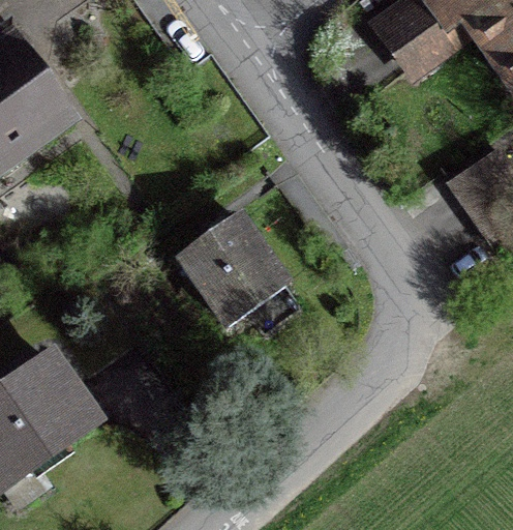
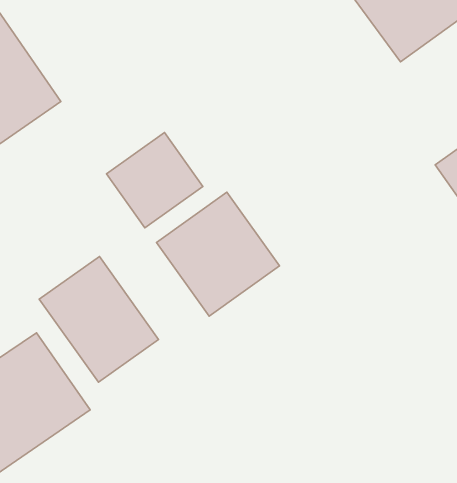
building: none -> [106,132,203,228]
building: none -> [39,257,159,382]

